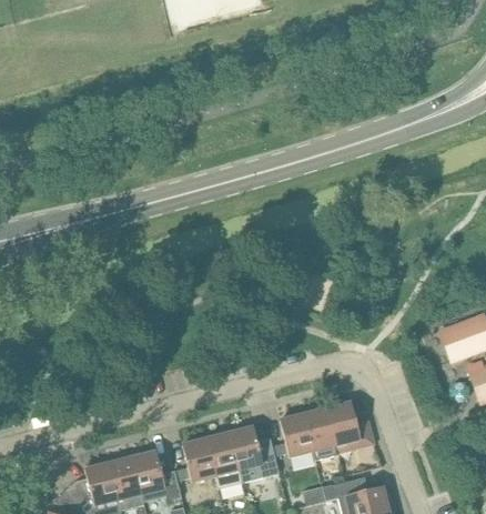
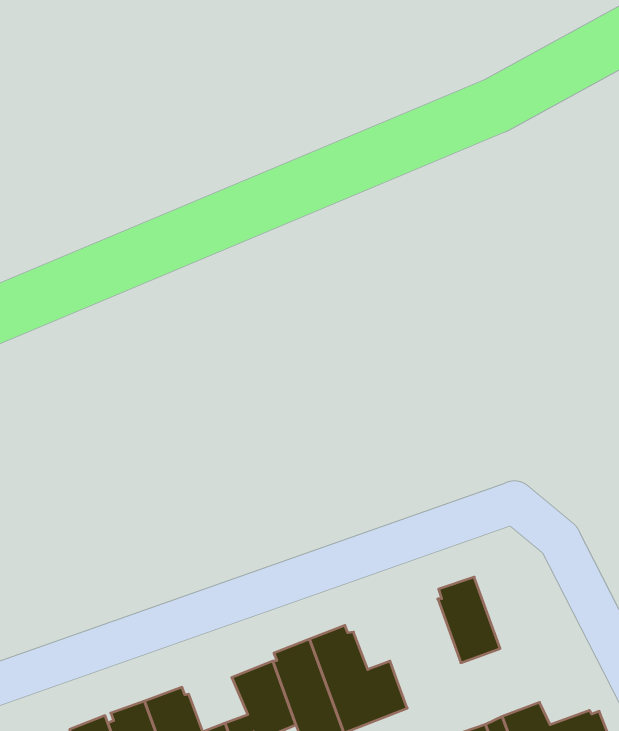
building: [326,399,375,455] -> none
building: [273,414,313,457] -> none

